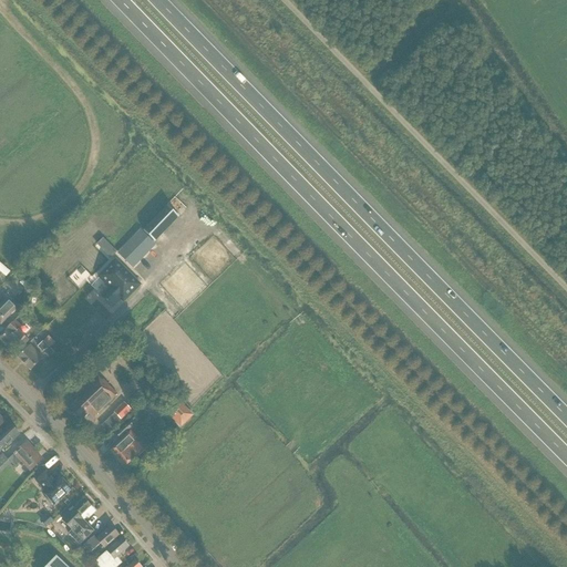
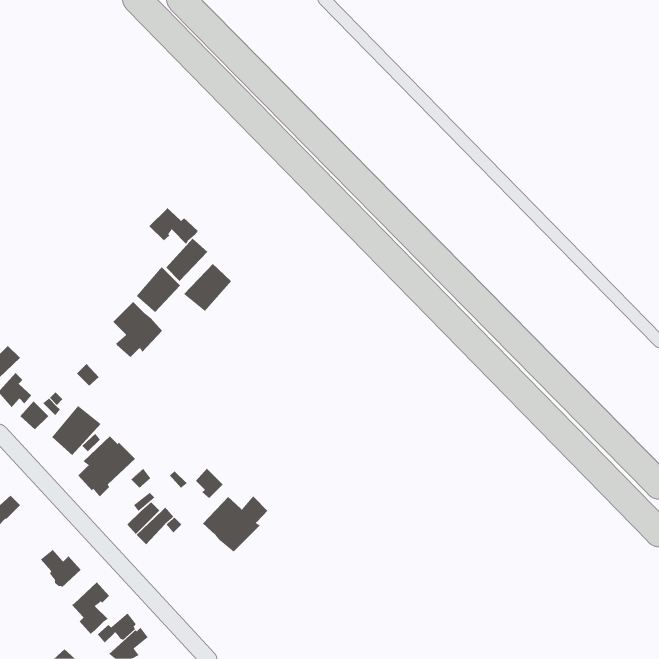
building: none -> [148,207,198,245]
building: none -> [183,263,232,312]
building: none -> [52,405,102,456]
building: none -> [202,496,268,552]
building: [7,442,41,471] -> none

